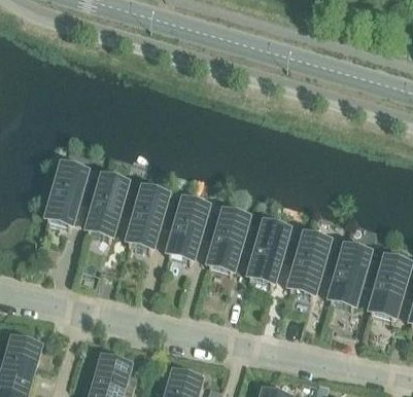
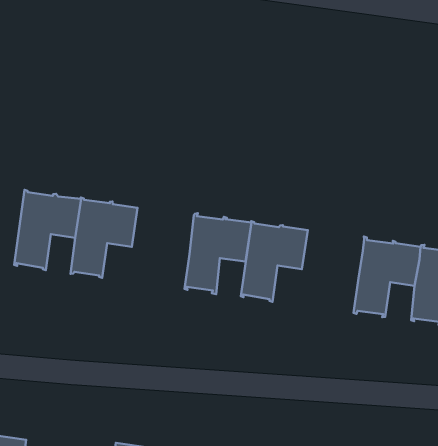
building: [127,185,182,246] -> none
building: [248,220,304,281] -> none

